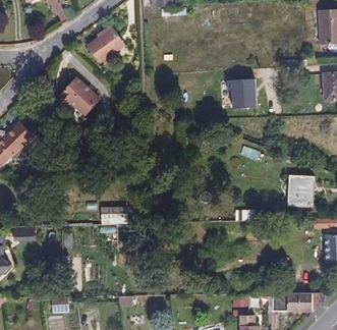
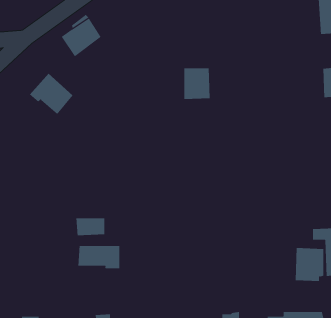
building: [231,79,256,108] -> [183,68,211,100]
building: [287,176,314,207] -> [295,248,324,282]
building: none -> [78,245,120,269]

